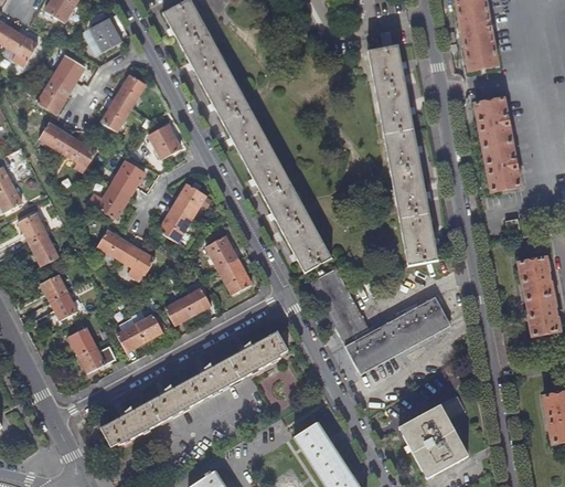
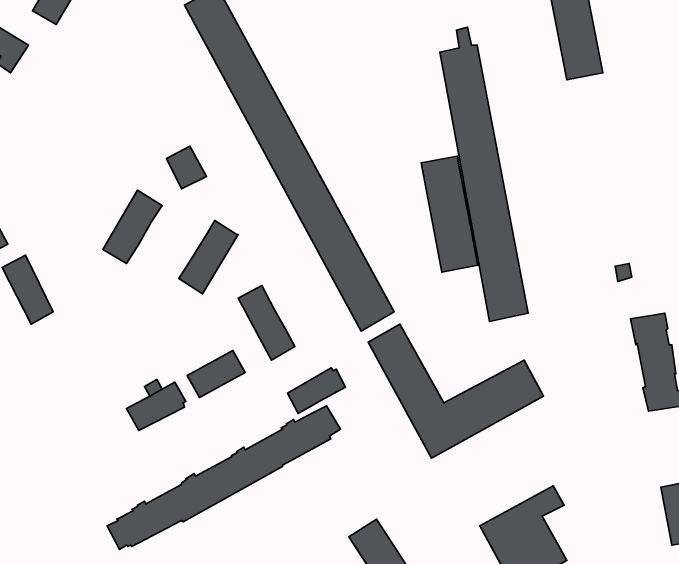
building: [89,17,121,54] -> none
building: [38,54,84,113] -> none
building: [100,74,145,130] -> none
building: [475,98,520,191] -> [421,156,478,272]
building: [39,121,95,166] -> none
building: [97,230,153,274] -> none
building: [40,274,76,319] -> none
building: none -> [287,368,346,413]
building: [66,327,104,372] -> none

